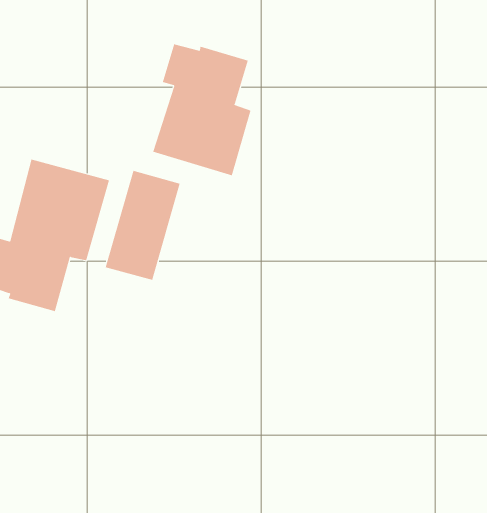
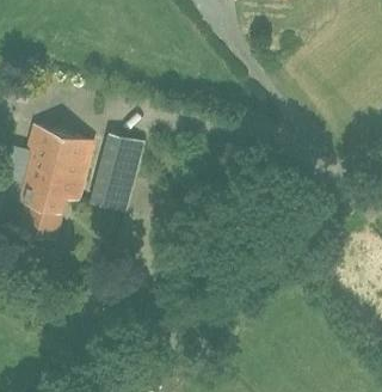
building: [152,44,251,176] -> none

